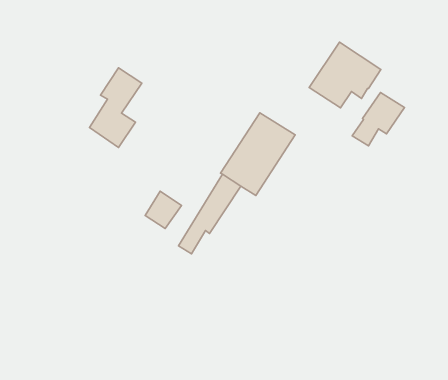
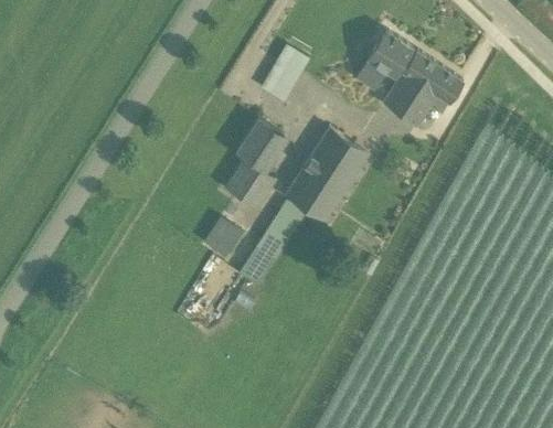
building: none -> [260,46,307,101]
building: [89,68,142,148] -> [224,120,281,207]
building: [352,92,405,146] -> [355,32,413,90]

